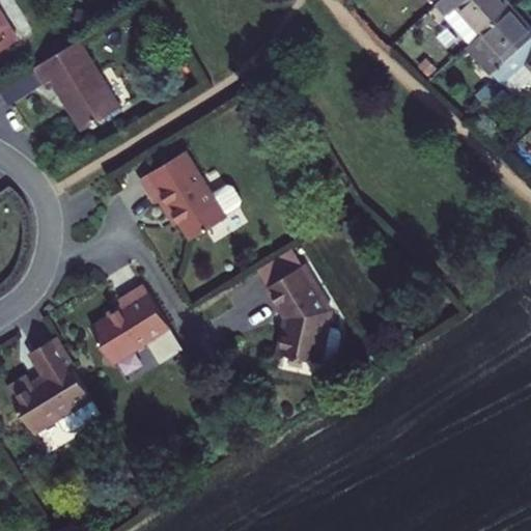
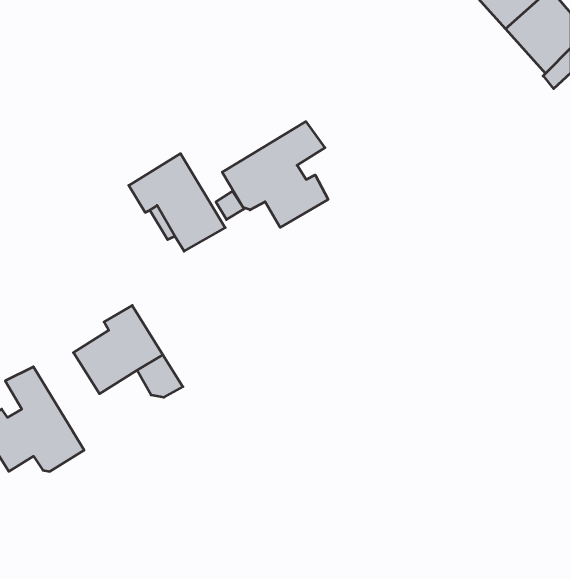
building: [32,39,118,130] -> none
building: none -> [222,122,328,227]
building: [266,263,338,362] -> none

